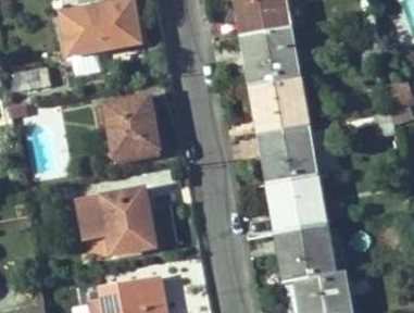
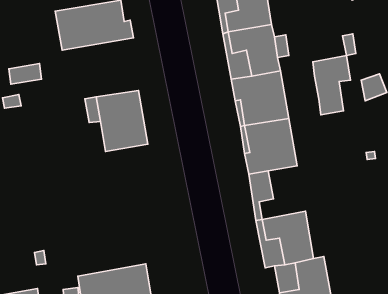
building: none -> [313,55,351,115]
building: [277,176,326,233] -> none
building: [76,188,175,253] -> none

